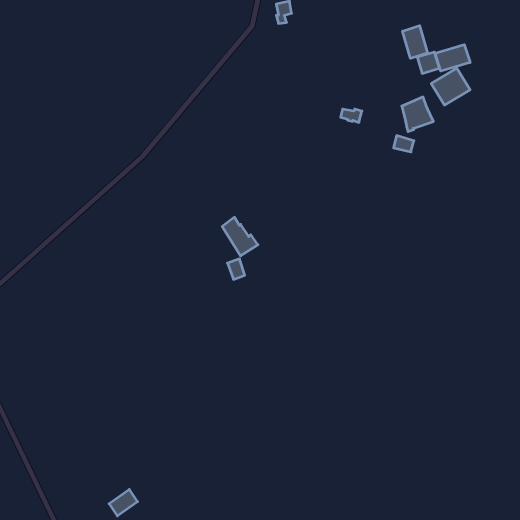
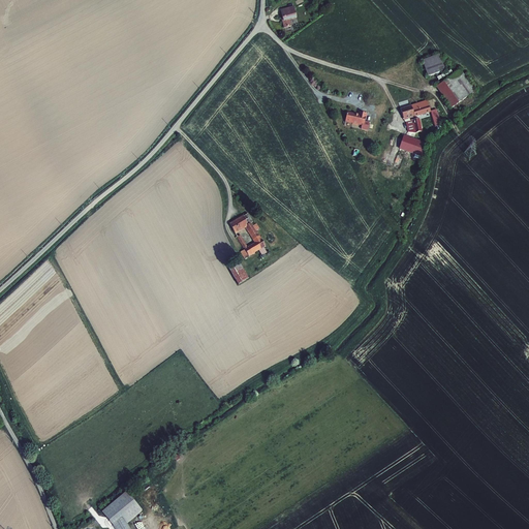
building: [403,26,428,58] -> none
building: [435,45,470,71] -> none

